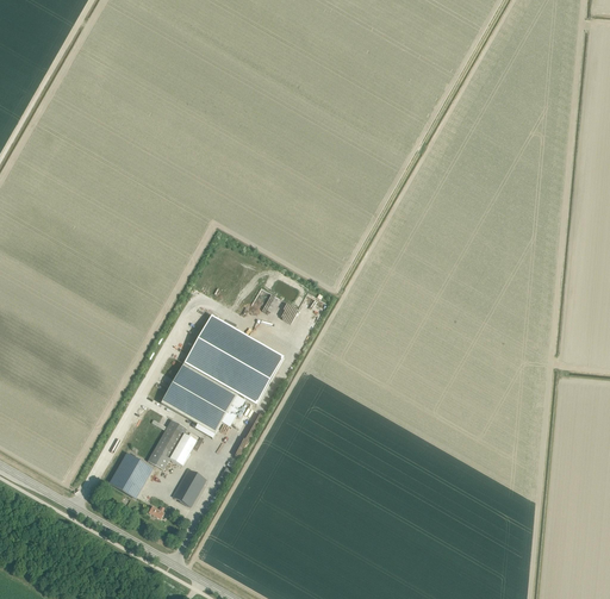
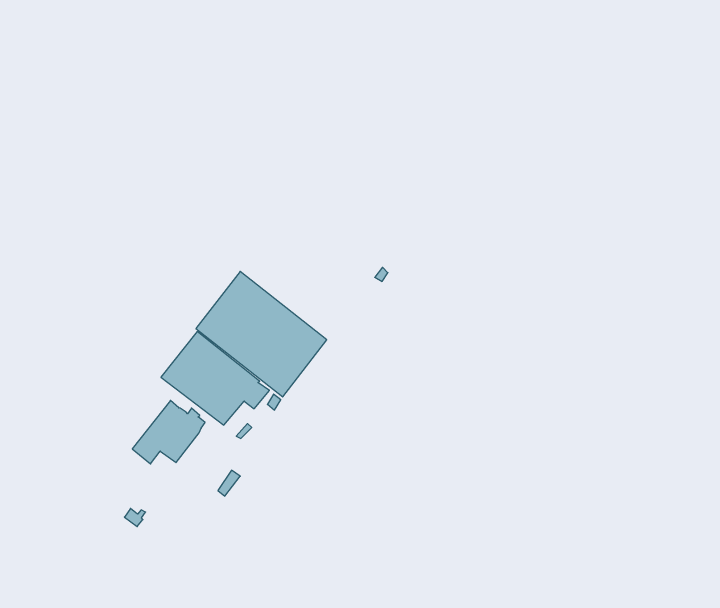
building: [108,454,151,497] -> none
building: [172,468,205,506] -> none

